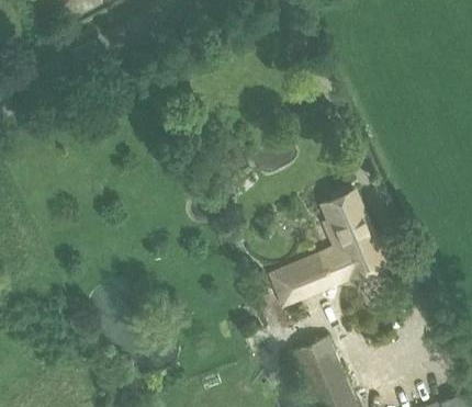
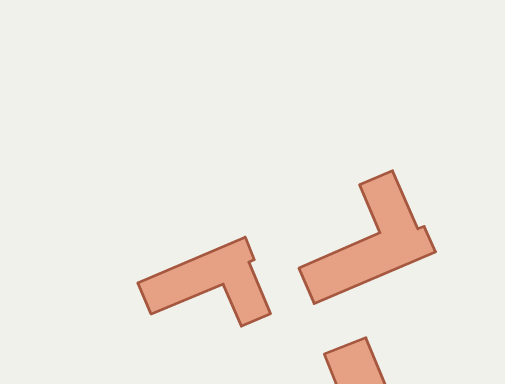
building: none -> [138,237,270,326]

